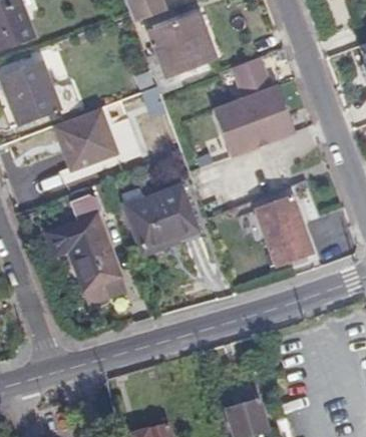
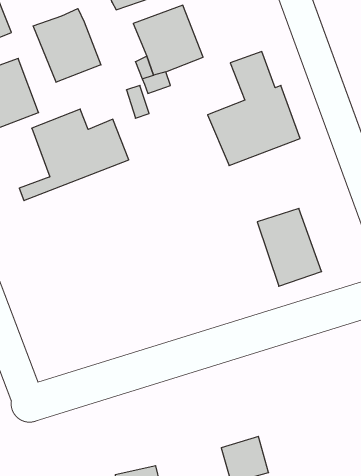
building: none -> [33,9,101,82]
building: [124,186,198,254] -> none
building: [48,196,115,304] -> none

